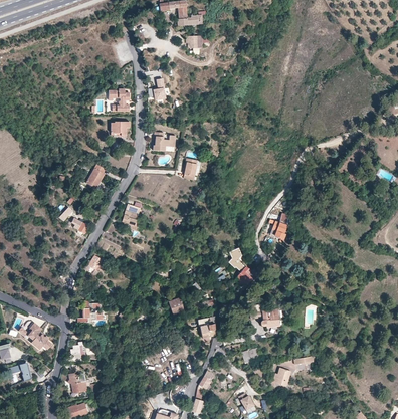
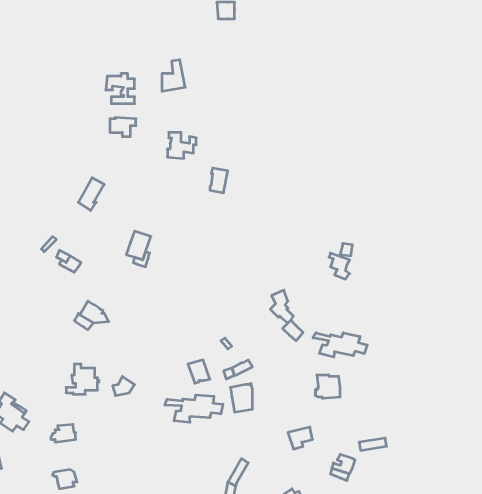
building: none -> [313,333,367,357]
building: none -> [165,395,223,422]

